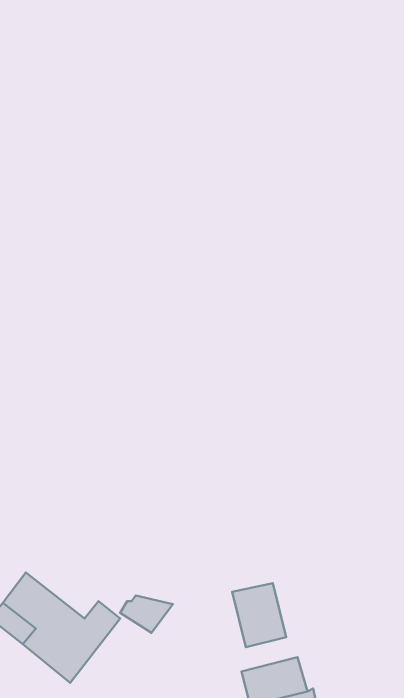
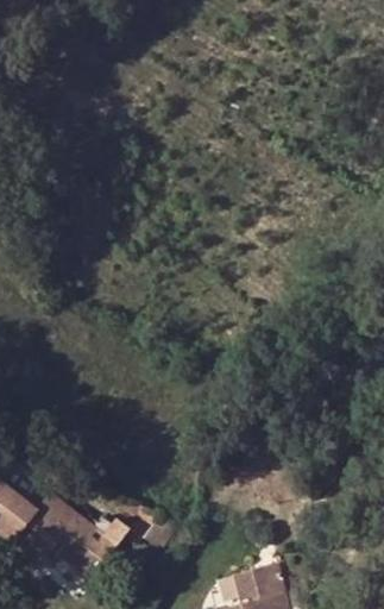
building: [232,583,286,647] -> none

